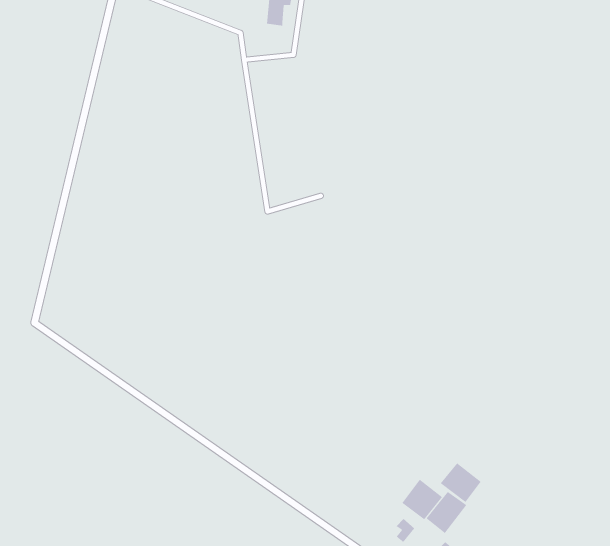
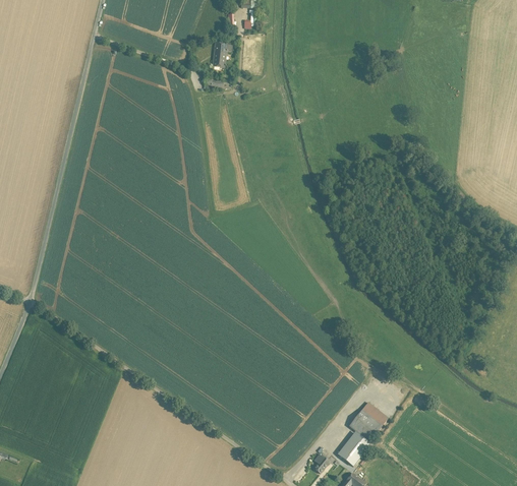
building: [401,479,443,520] -> none

